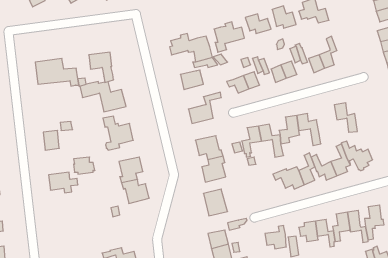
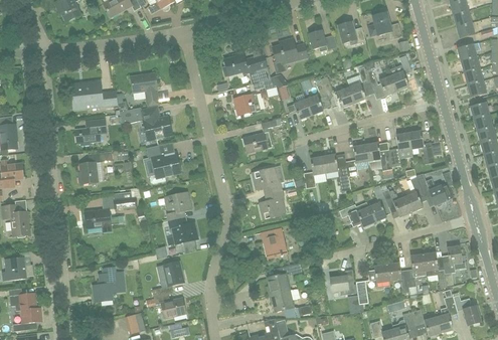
building: none -> [76,119,107,145]
building: none -> [388,132,411,165]
building: none -> [152,261,184,297]
building: none -> [94,272,126,301]

